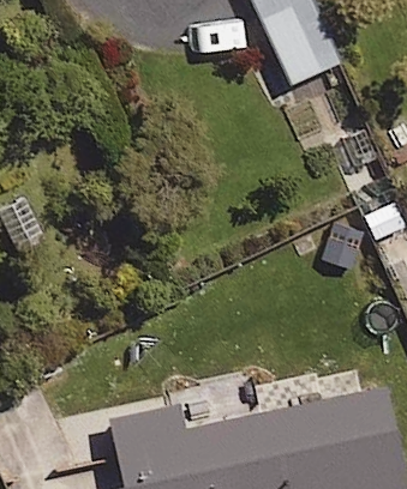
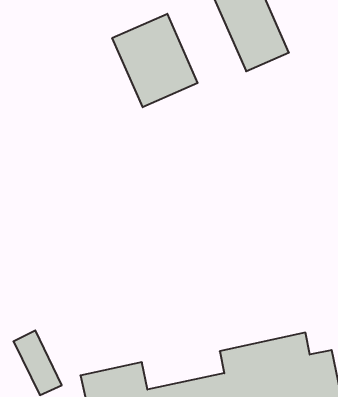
building: none -> [112,14,198,107]

